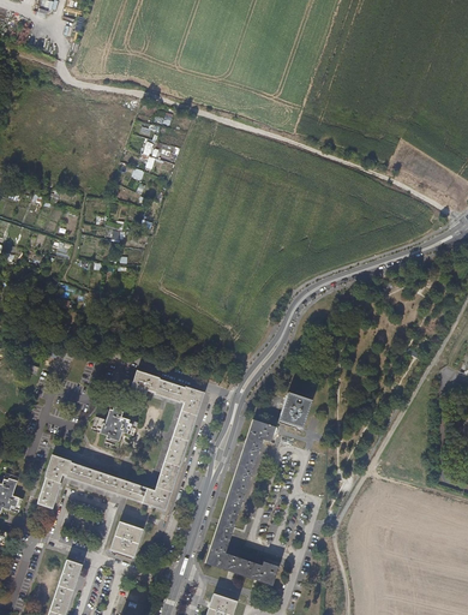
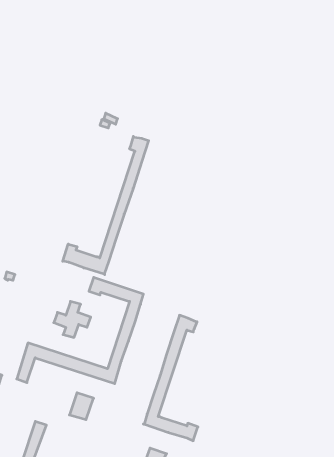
building: none -> [63,136,149,275]
building: [280,394,310,429] -> none

